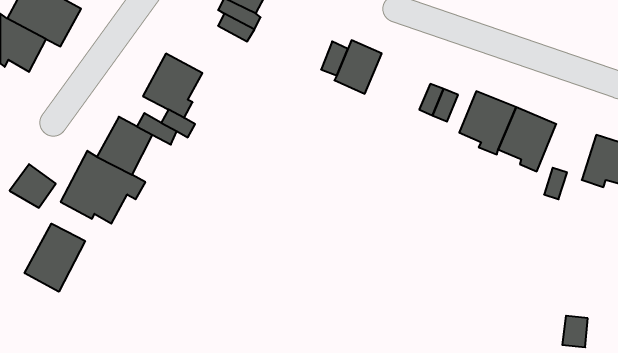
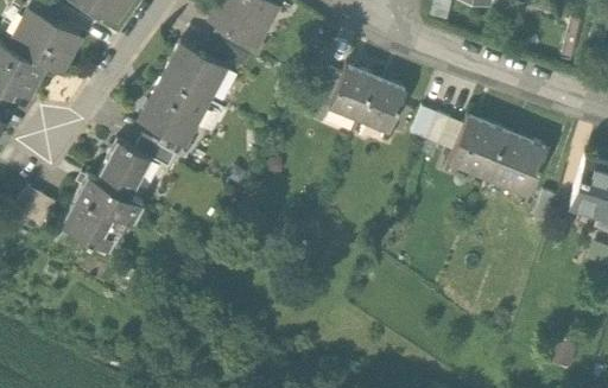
building: none -> [164,44,223,102]
building: none -> [359,81,405,132]
building: [25,224,85,292] -> none

